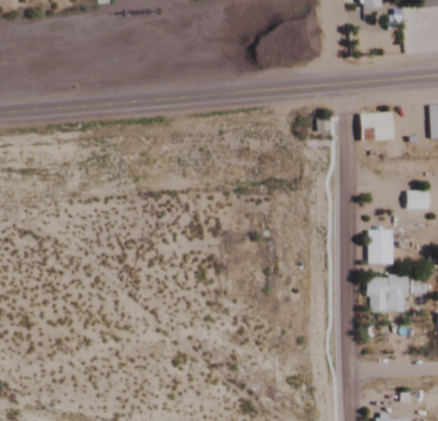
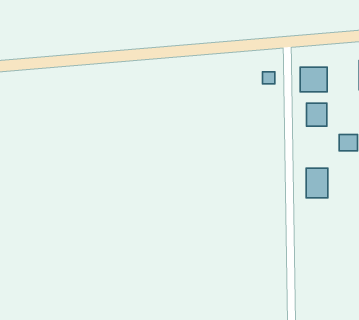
building: none -> [306,103,327,126]
building: [368,275,408,310] -> none

